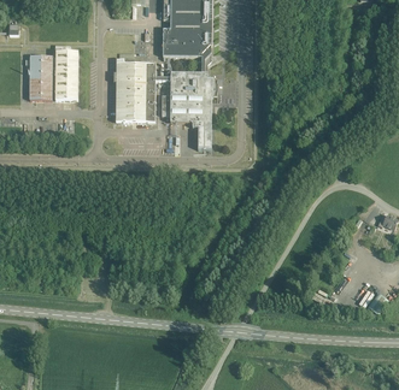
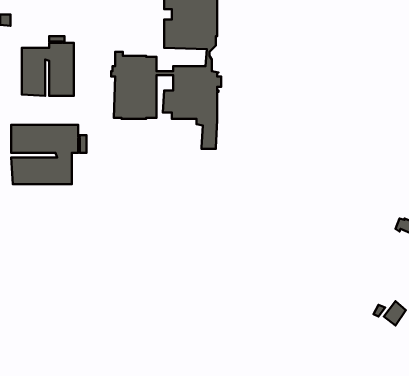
building: none -> [11,125,86,184]

